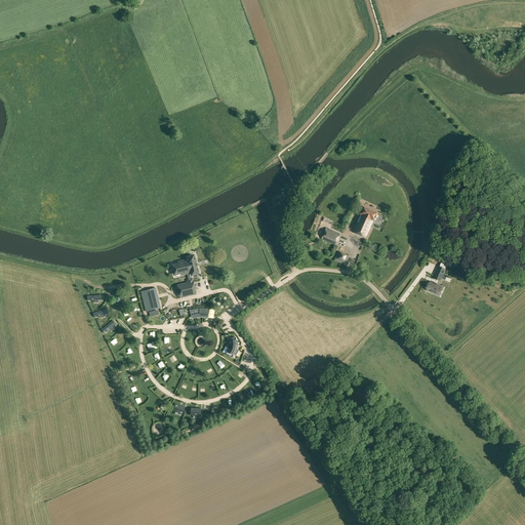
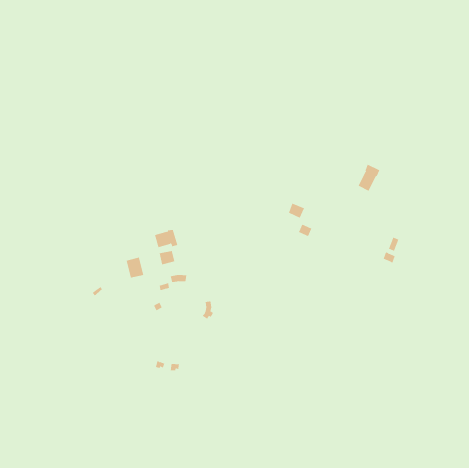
building: [353,205,377,236] -> [358,164,380,191]

